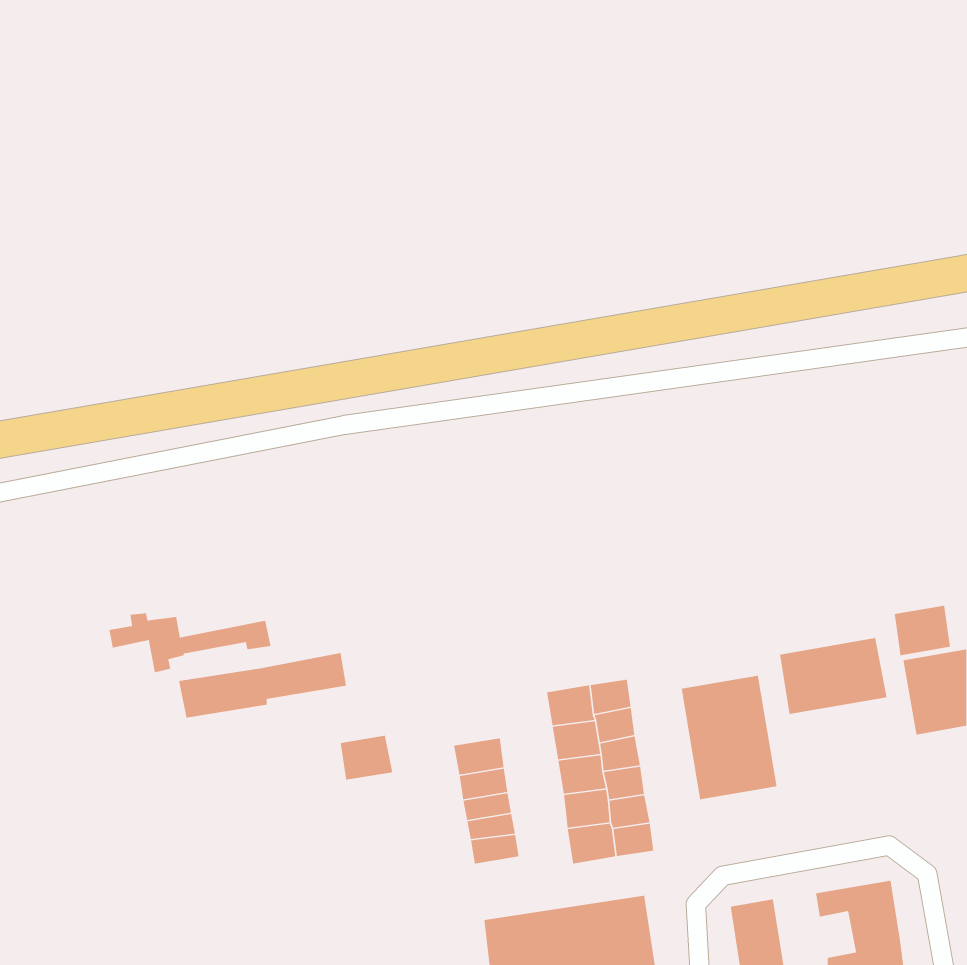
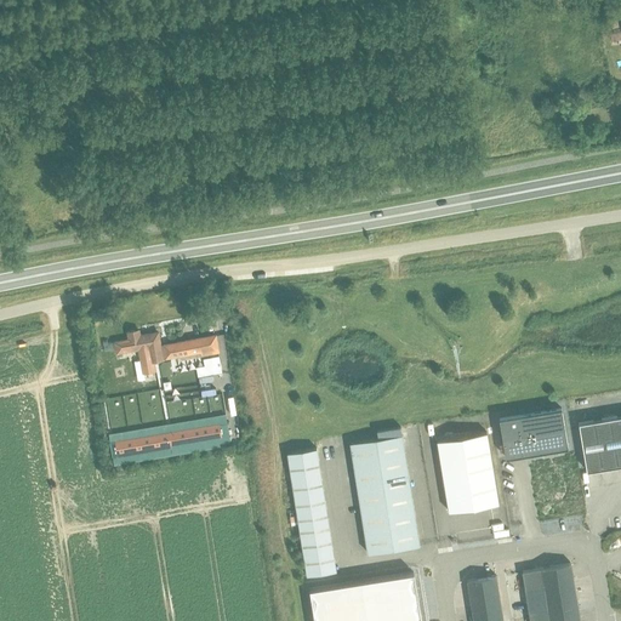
building: [894,605,951,656] -> none
building: [109,612,272,673] -> [114,332,218,371]
building: [340,735,393,780] -> [286,450,320,479]
building: none -> [303,551,335,577]

